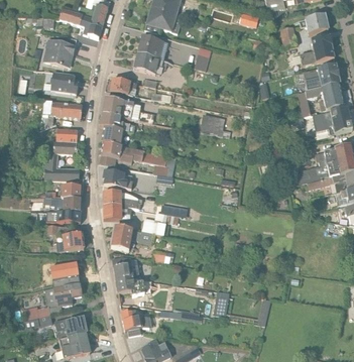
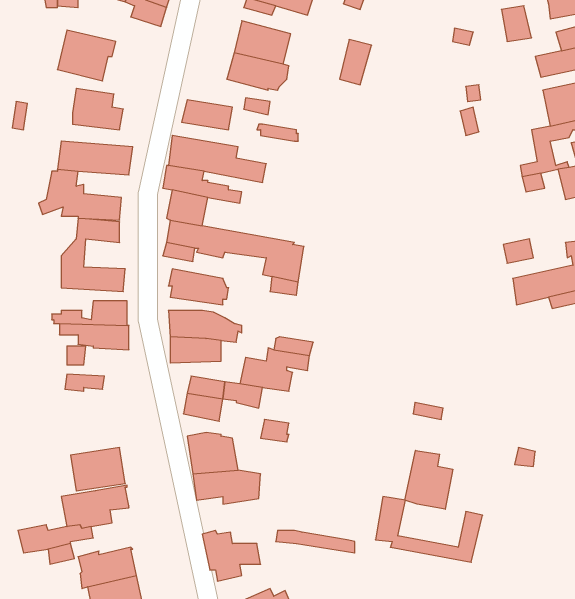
building: [201,113,225,134] -> none
building: [53,234,85,251] -> none
building: none -> [405,450,453,509]

